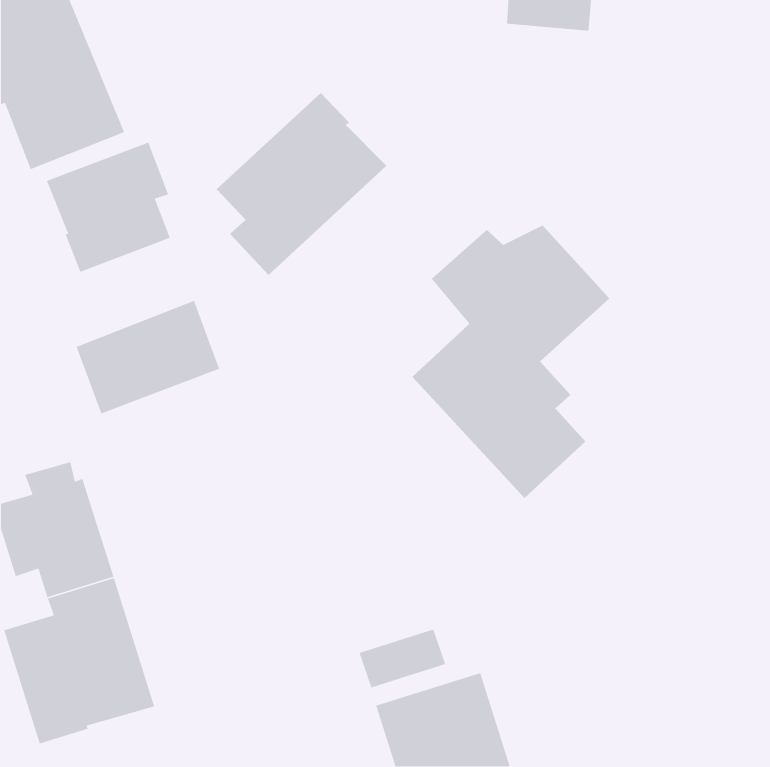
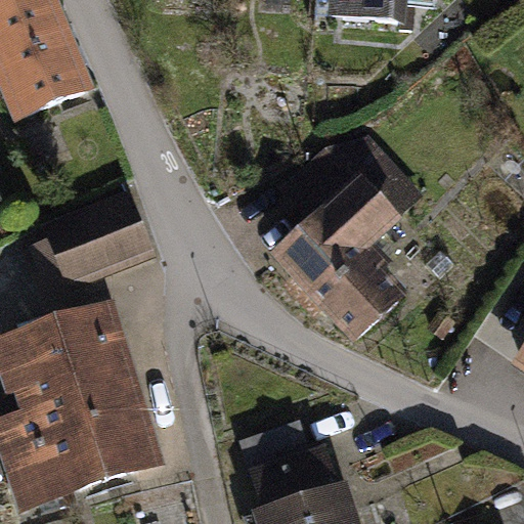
building: [216,92,387,276] -> none
building: [46,141,171,273] -> none
building: none -> [56,309,150,480]

